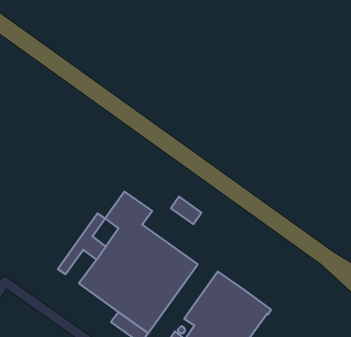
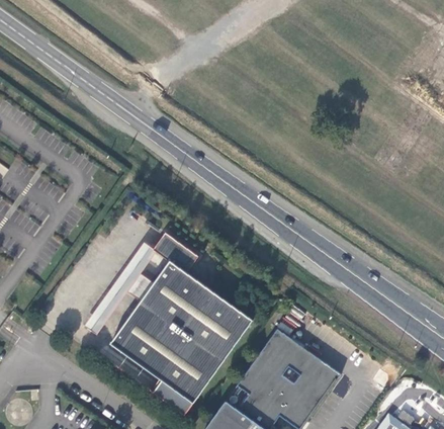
building: [171,196,201,224] -> none

